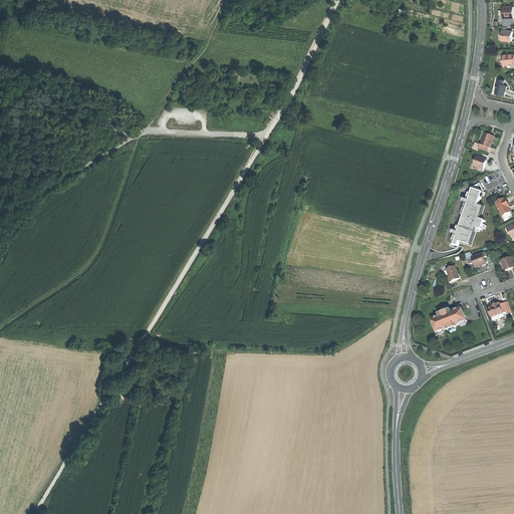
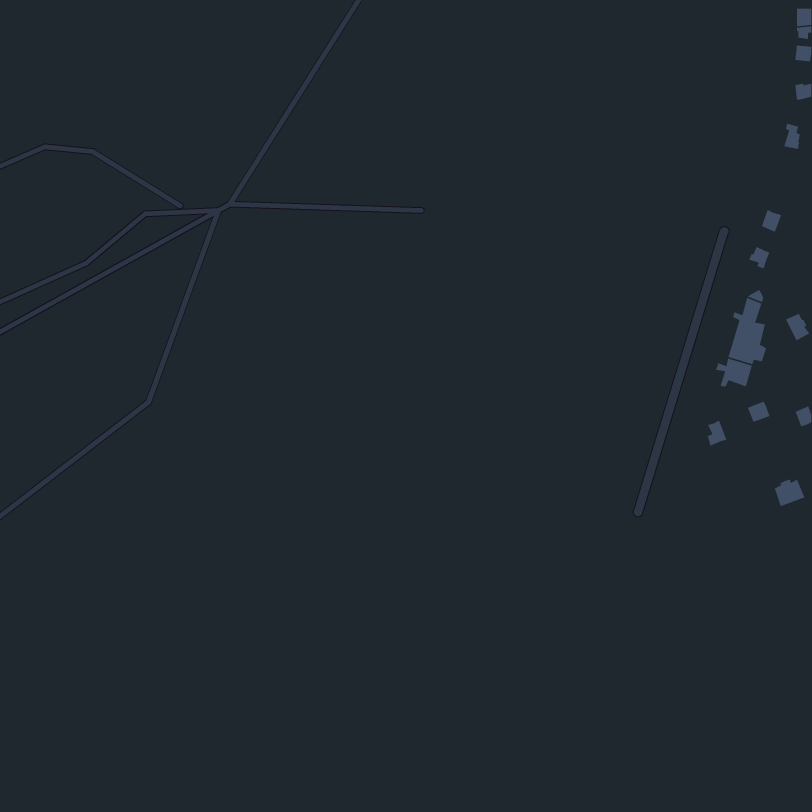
building: [430,305,466,331] -> none

